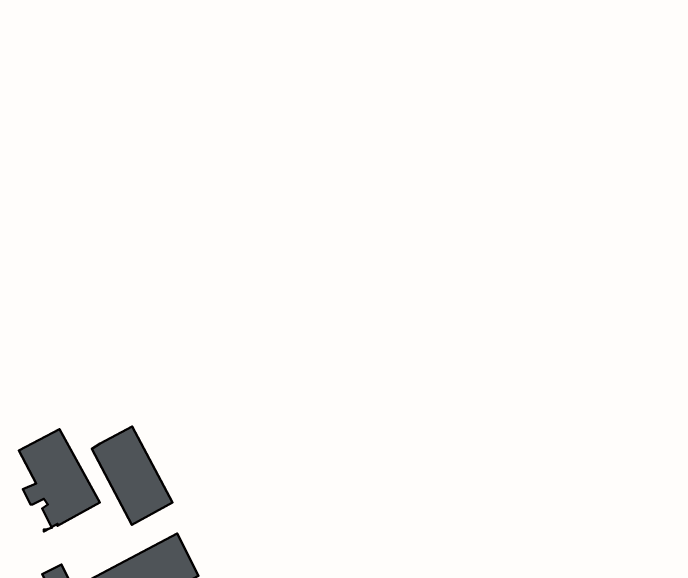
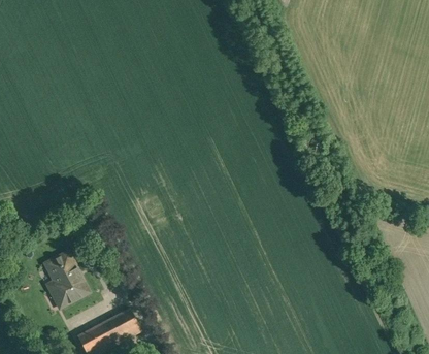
building: [92,427,172,525] -> none

